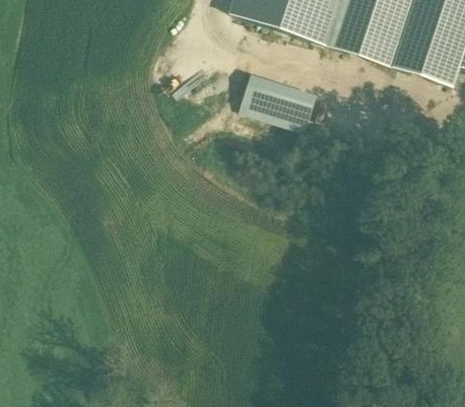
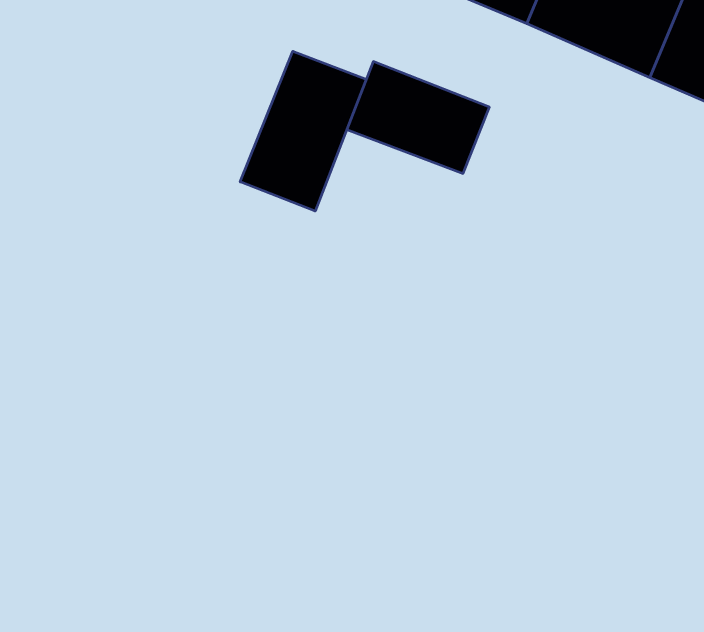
building: none -> [240,51,366,211]

